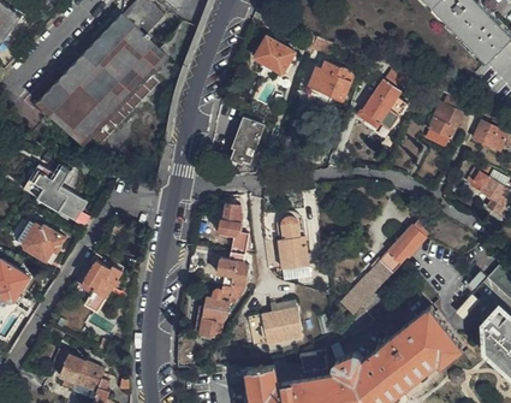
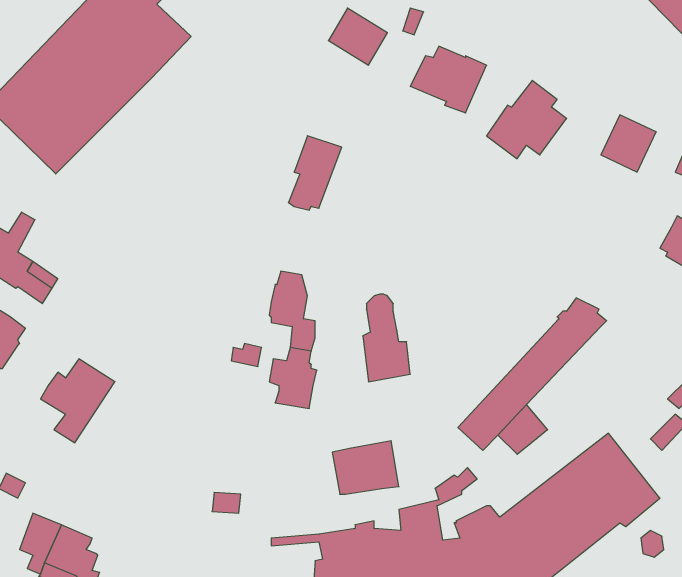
building: [195,285,243,334] -> none

